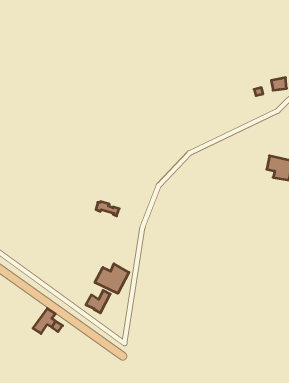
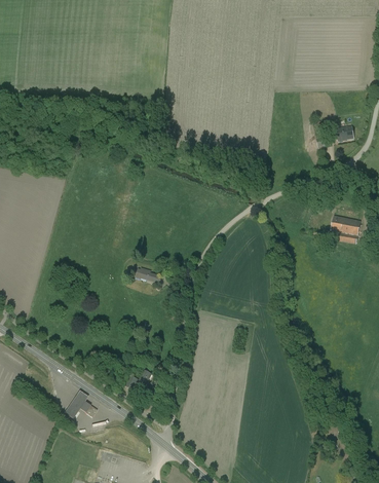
building: [95,264,129,293] -> none

